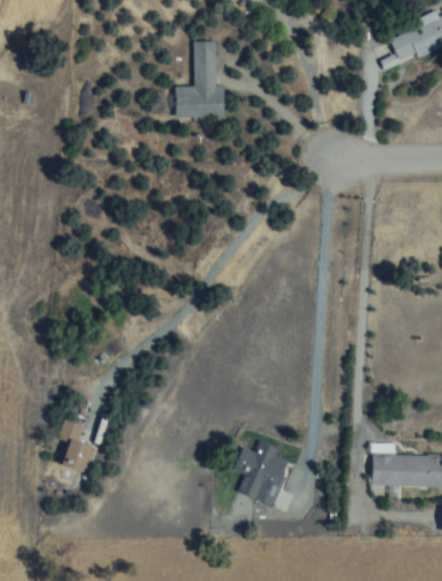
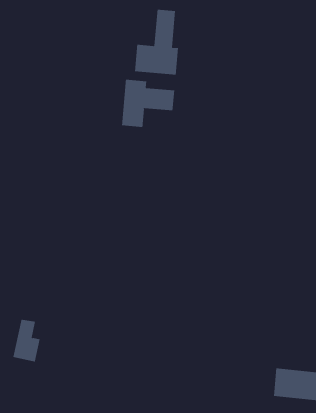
building: none -> [121,79,175,128]
building: [230,440,289,504] -> none

